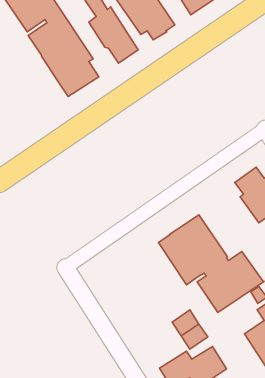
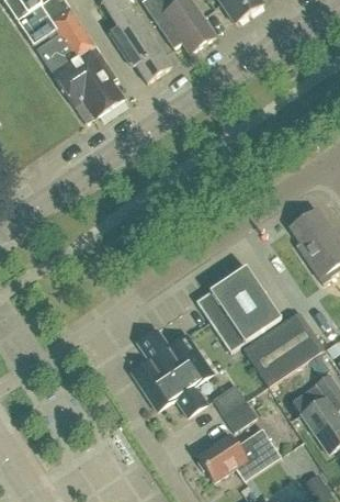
building: none -> [138,333,212,415]

